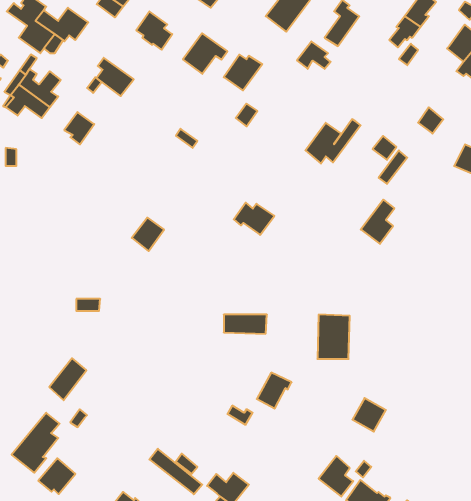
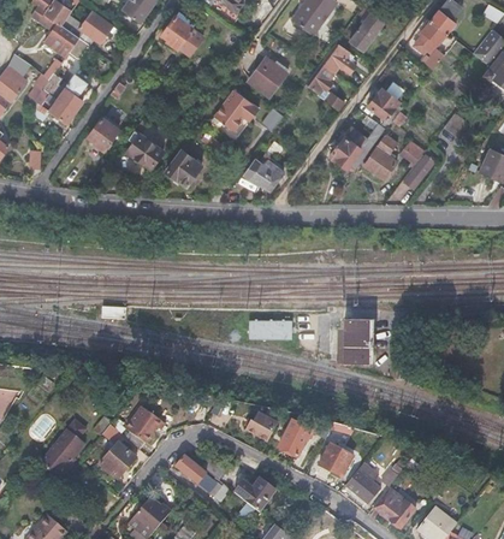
building: [183,33,227,74] -> [213,91,257,132]
building: [97,58,134,96] -> [128,130,165,168]
building: none -> [308,65,344,111]
building: none -> [368,83,402,130]
building: [361,200,394,244] -> [364,136,398,180]
building: [234,203,274,235] -> [243,159,284,191]
building: [132,218,164,251] -> [165,152,197,185]
building: [49,358,86,400] -> [124,408,161,450]
building: [257,373,292,409] -> [278,420,313,456]
building: [352,398,386,432] -> [318,443,351,476]
building: [38,458,75,494] -> [99,442,136,478]

